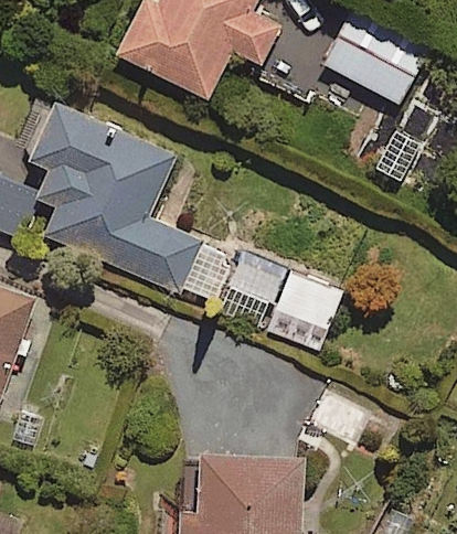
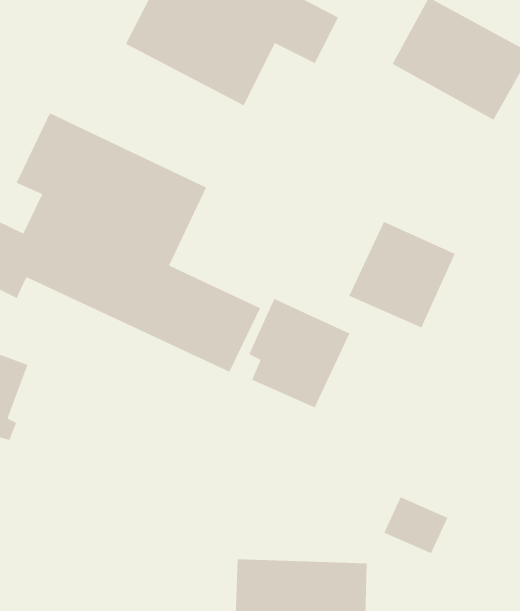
building: [261,271,344,355] -> [348,221,456,329]

